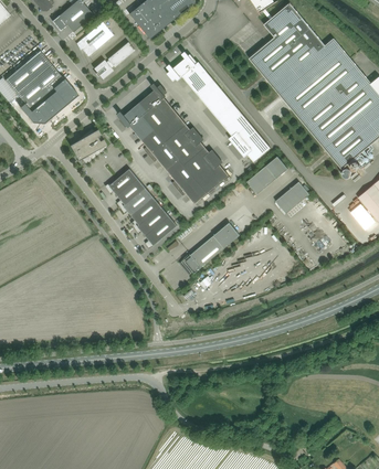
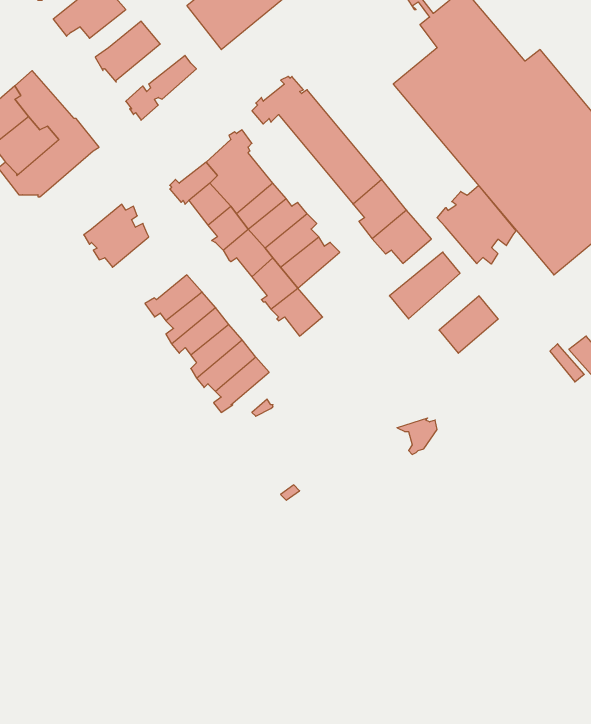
building: none -> [437,185,516,264]
building: [193,156,229,193] -> none
building: [180,222,240,275] -> none

